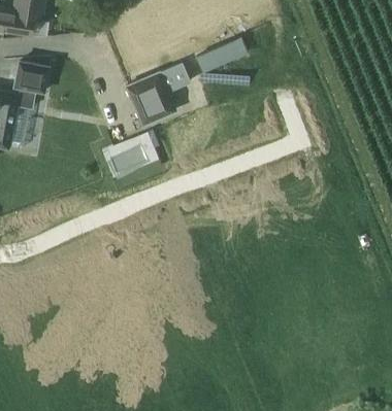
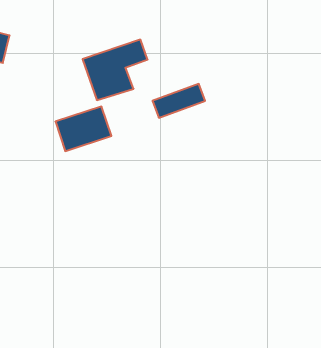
building: [196,37,249,73] -> [152,84,205,118]

